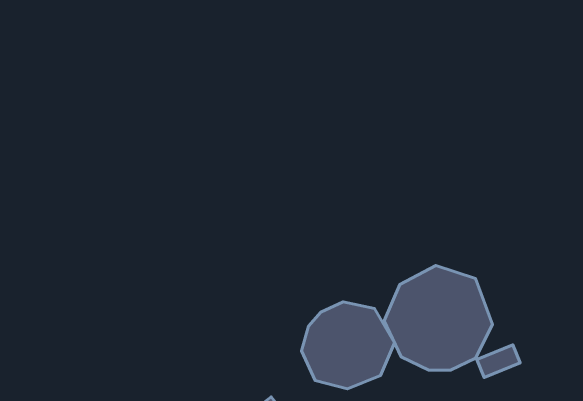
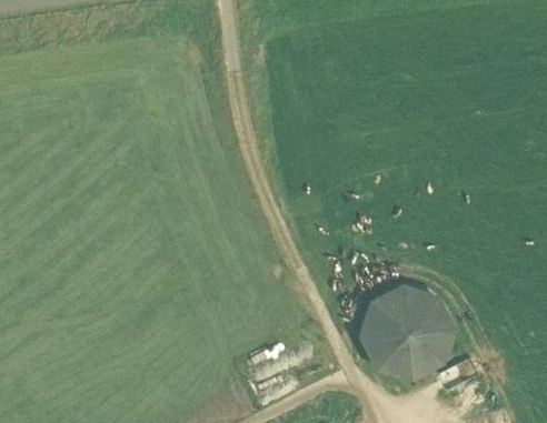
building: [301,302,394,389] -> none

